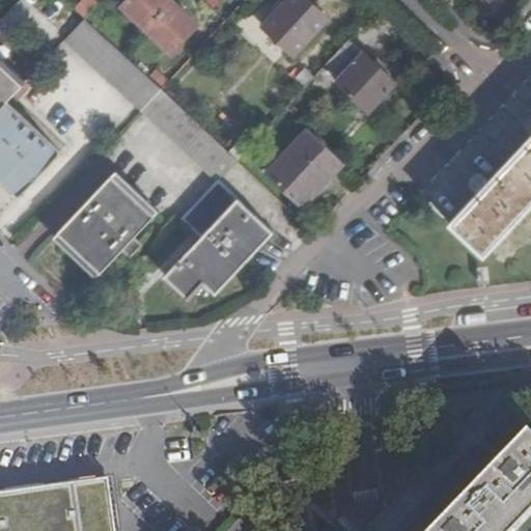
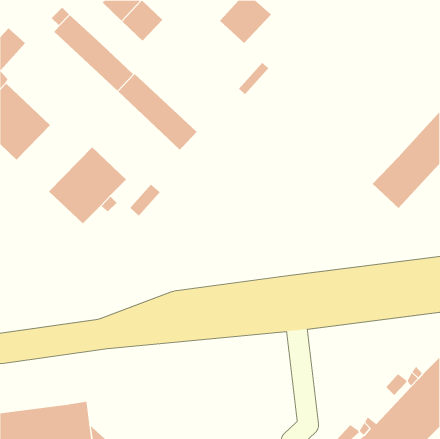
building: [326,40,395,113] -> none
building: [270,130,343,205] -> none
building: [164,179,274,297] -> none

